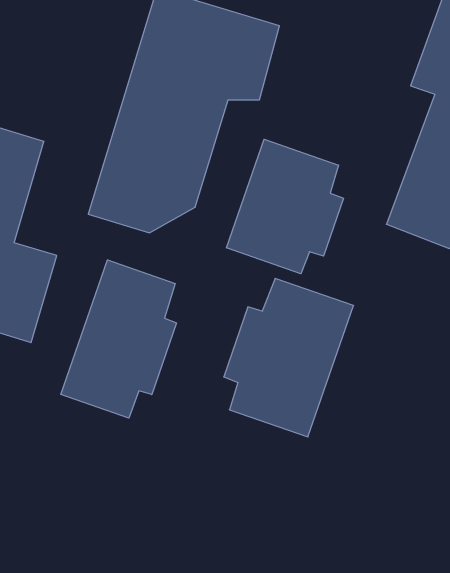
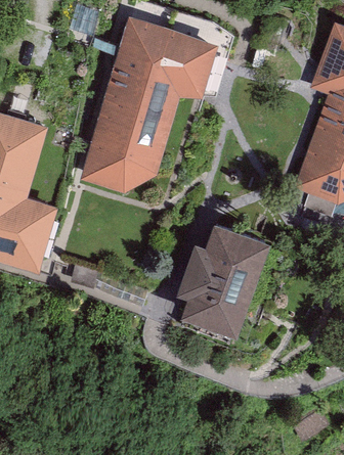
building: [227,139,343,274] -> none
building: [61,260,177,418] -> none

